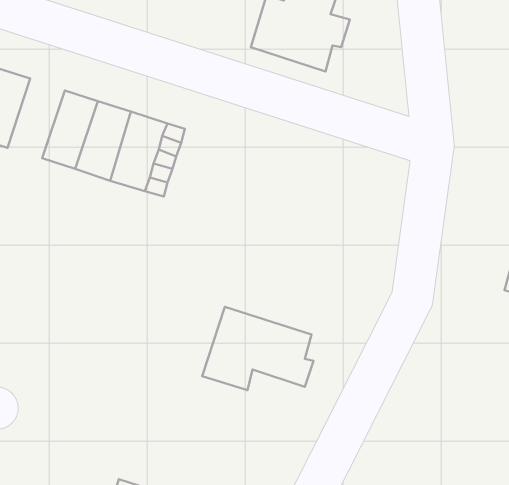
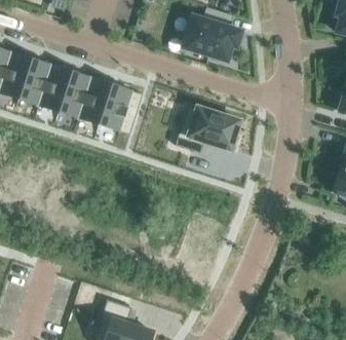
building: none -> [39,65,73,112]
building: [202,307,313,390] -> [176,105,241,154]

